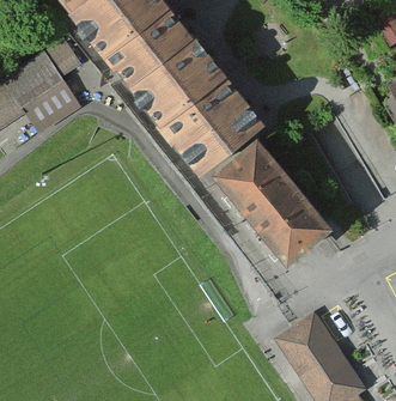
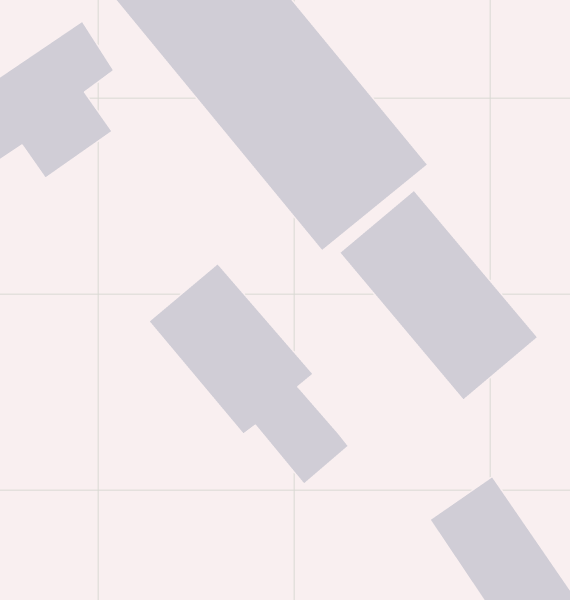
building: none -> [149,263,348,484]

